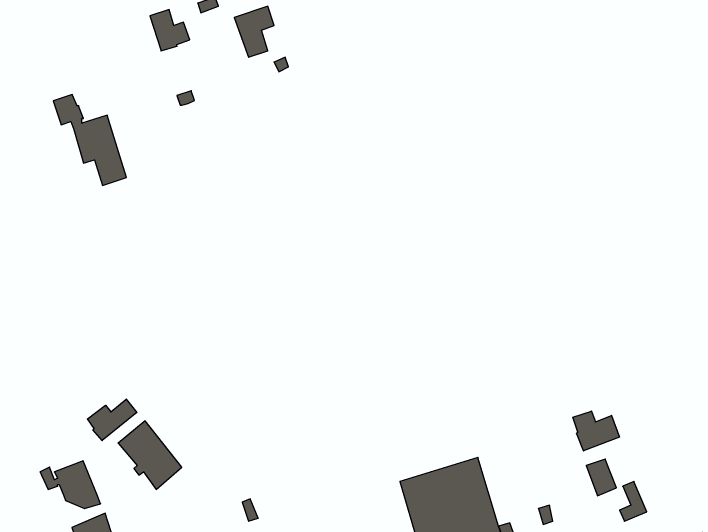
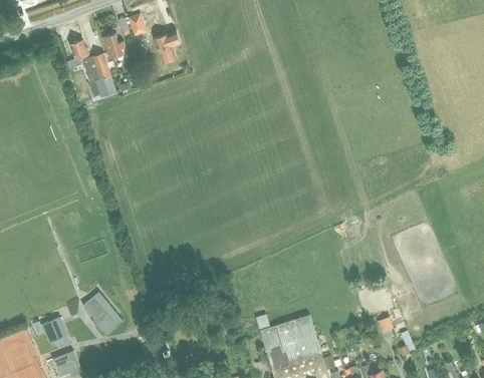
building: [53,95,126,185] -> [69,40,115,97]
building: [87,399,137,441] -> none
building: [573,411,619,451] -> none

